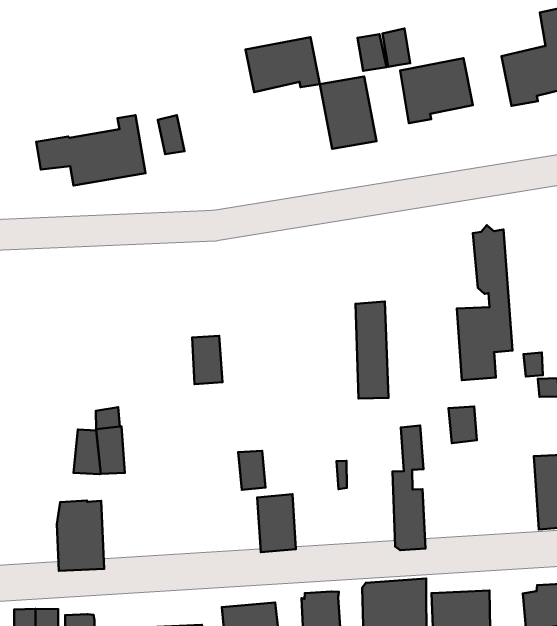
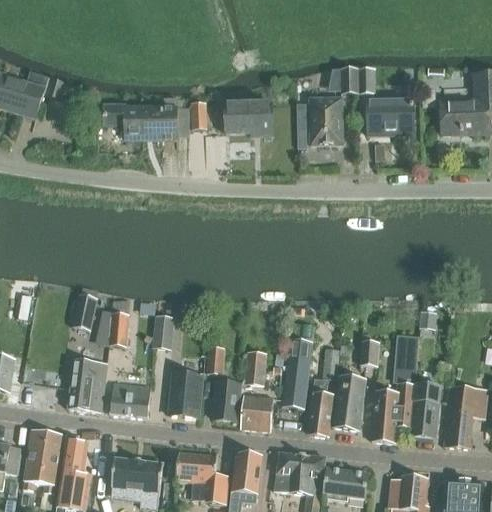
building: [246,37,320,92] -> [225,102,273,136]
building: [457,225,512,380] -> [371,335,418,443]
building: [355,302,388,398] -> [282,338,312,408]
building: [192,336,223,384] -> [151,315,174,350]
building: none -> [71,293,96,329]
building: none -> [245,351,266,384]
building: none -> [332,375,365,430]
building: none -> [168,372,203,417]
building: none -> [240,394,273,431]
building: none -> [110,382,150,418]

